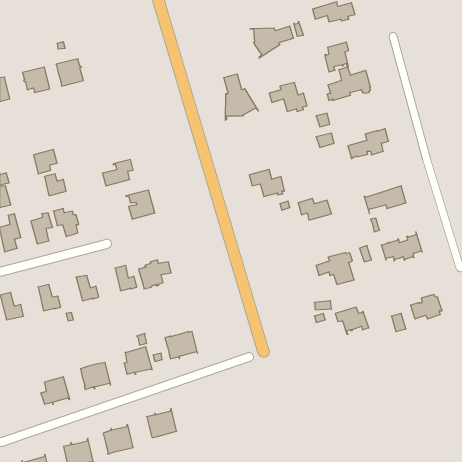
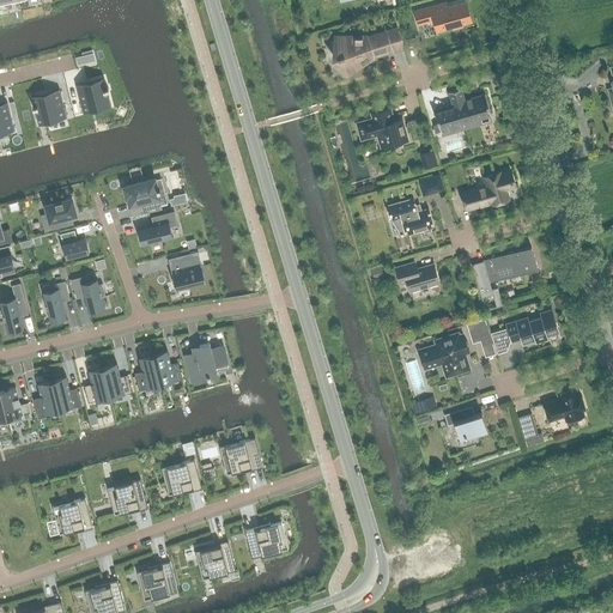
building: [325,42,348,72] -> none
building: [224,74,258,120] -> none
building: none -> [122,181,166,208]
building: [249,169,285,197] -> [386,200,432,236]
building: none -> [134,356,159,393]
building: none -> [84,368,109,405]
building: none -> [32,381,57,420]
building: none -> [243,523,287,557]

